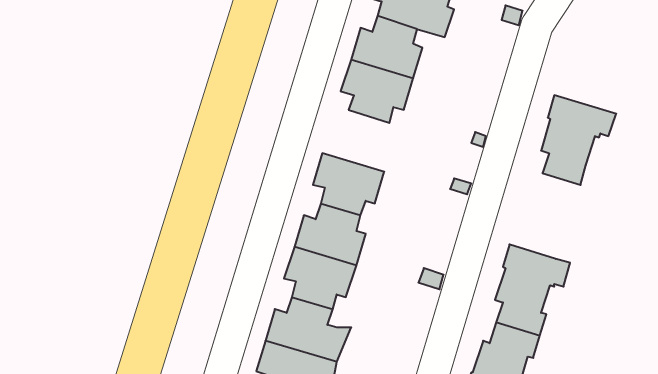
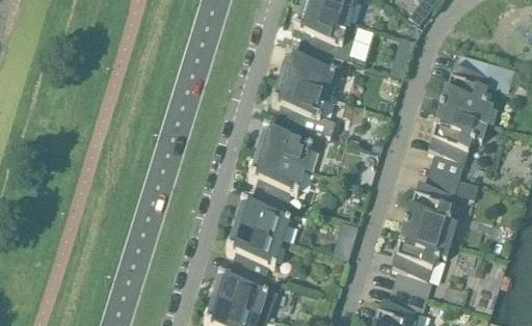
building: none -> [441,51,495,120]
building: none -> [258,117,314,166]
building: none -> [405,167,461,238]

